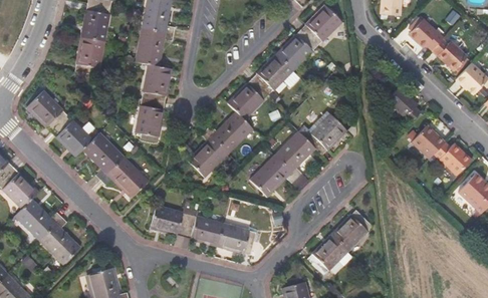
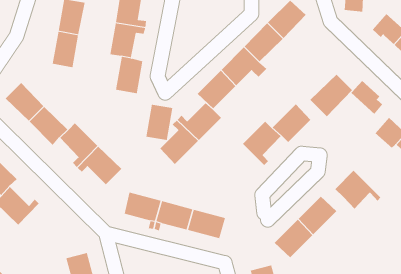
building: none -> [310,74,353,117]
building: [135,98,164,136] -> [145,104,173,141]
building: [249,155,296,196] -> none
building: none -> [334,170,381,210]
building: [39,217,79,264] -> none

